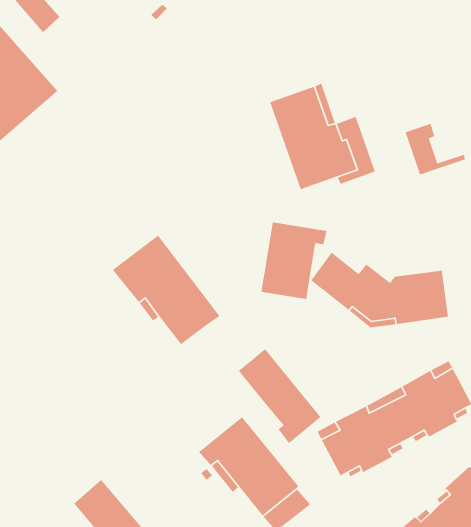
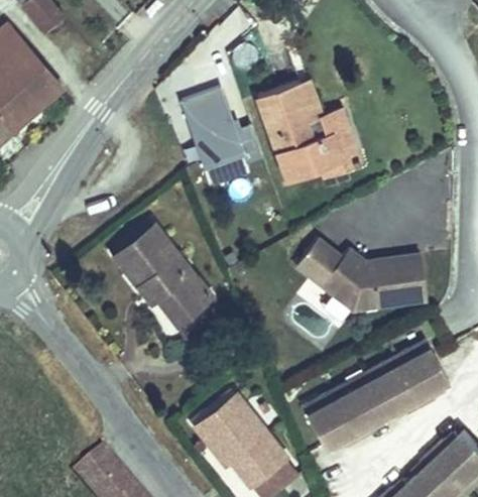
building: none -> [181,88,261,169]
building: [404,123,466,176] -> none
building: [261,222,328,300] -> none
building: [238,348,321,444] -> none

